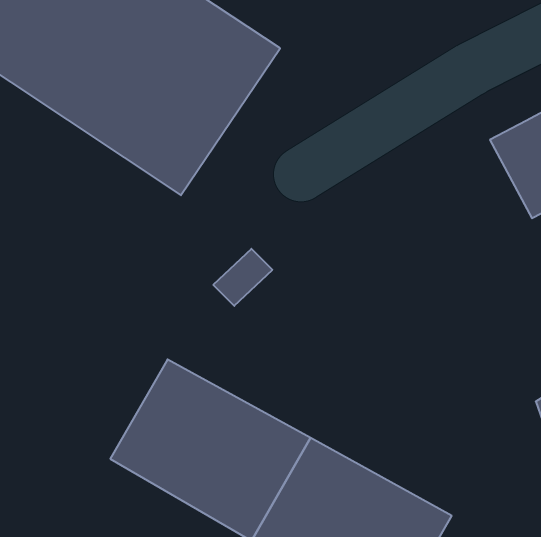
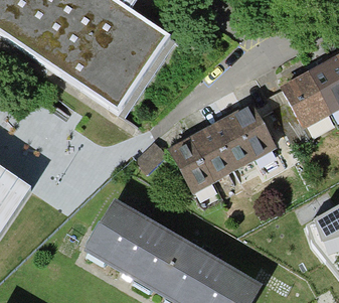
building: none -> [170,101,279,192]

